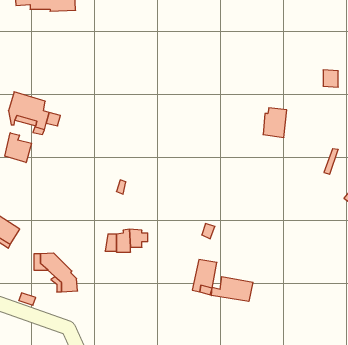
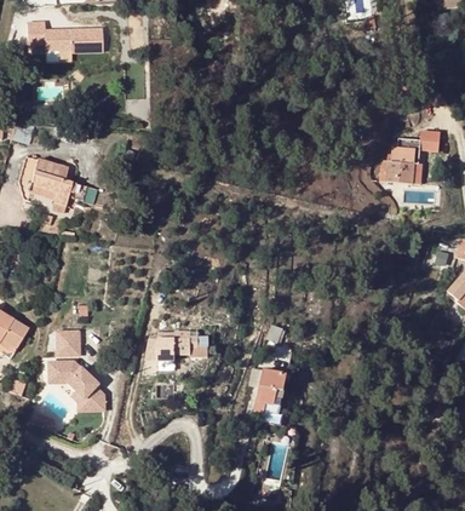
building: [263,108,287,137] -> [385,147,415,184]
building: [5,133,32,163] -> none
building: none -> [59,332,84,357]
building: [211,277,253,301] -> none

